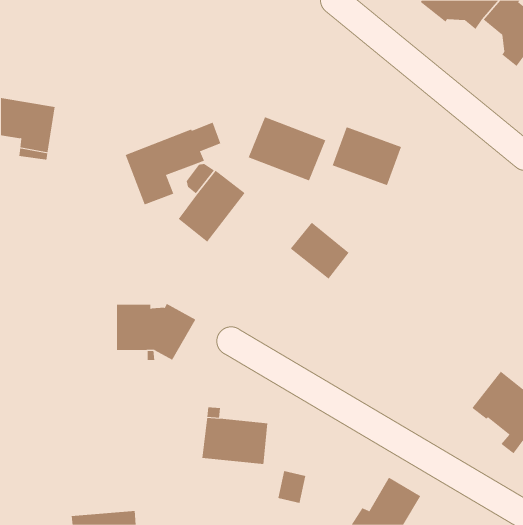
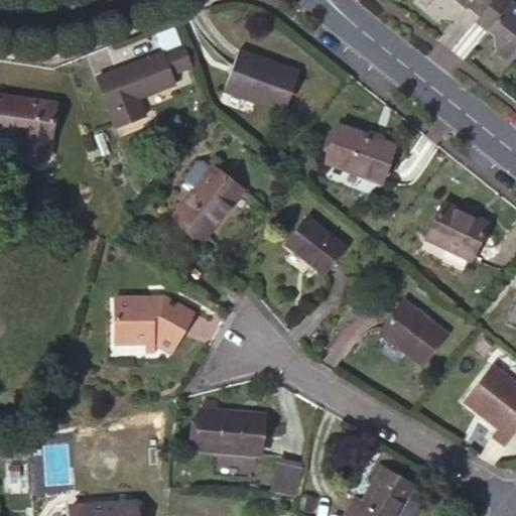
building: [248,116,326,181] -> [224,49,300,113]
building: [125,122,221,205] -> [98,45,192,127]
building: none -> [426,203,489,259]
building: none -> [381,302,445,365]

